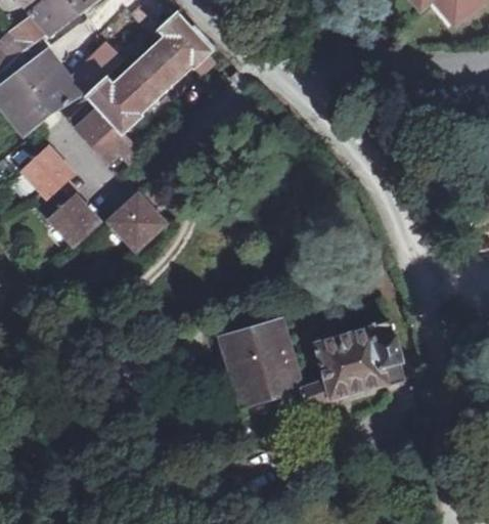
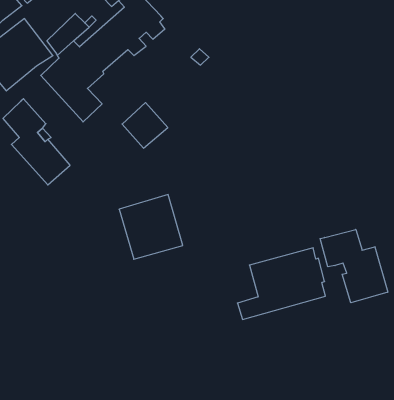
building: [109,193,164,248] -> [122,103,168,148]
building: none -> [320,229,388,303]
building: [223,323,299,400] -> [119,195,183,259]

